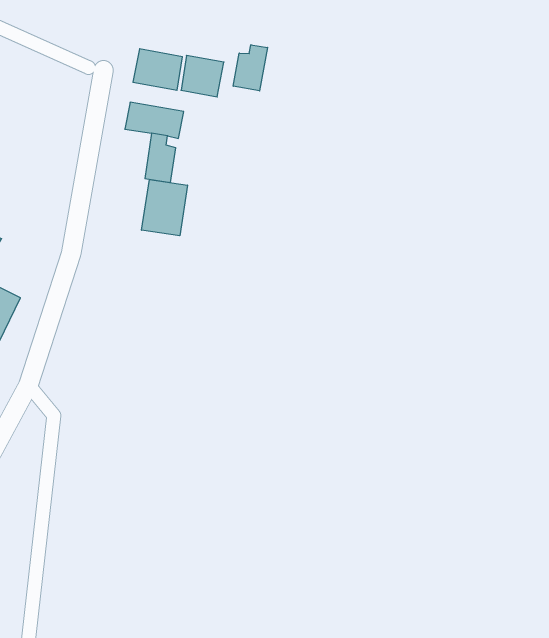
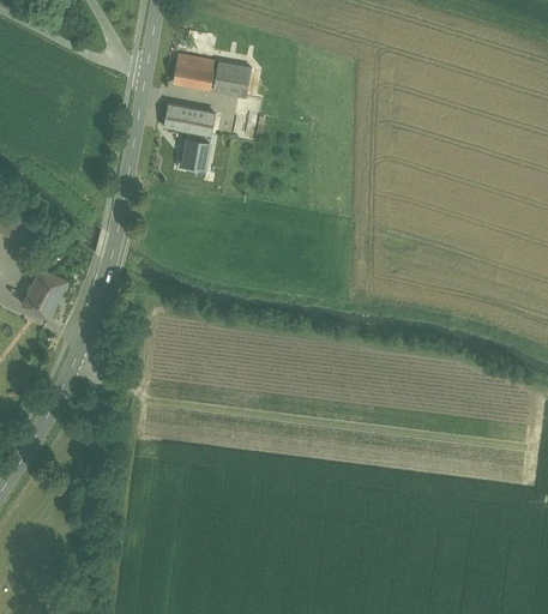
building: [233,45,268,91] -> none
building: [142,180,187,236] -> none

